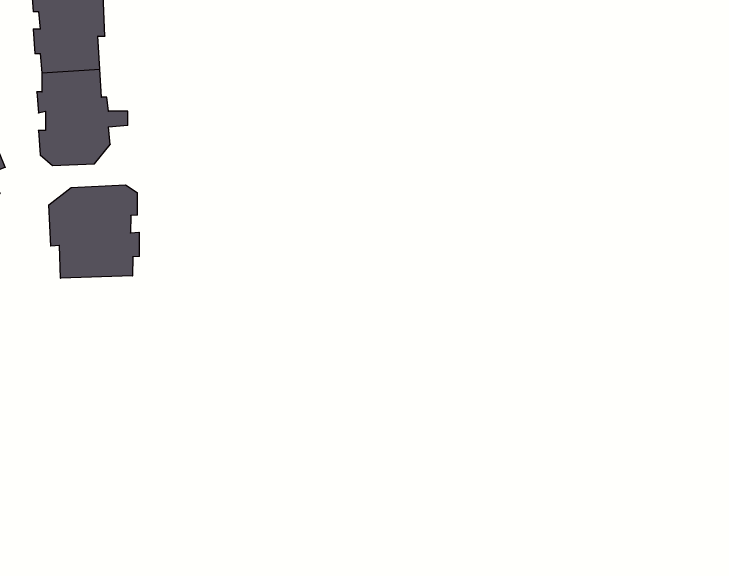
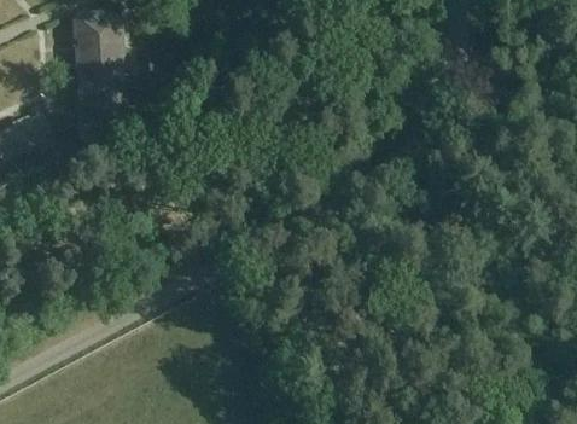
building: [49,185,139,278] -> none

